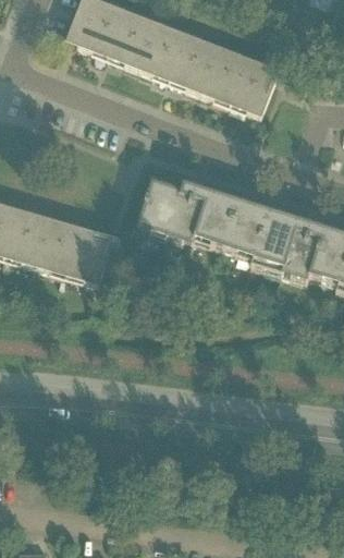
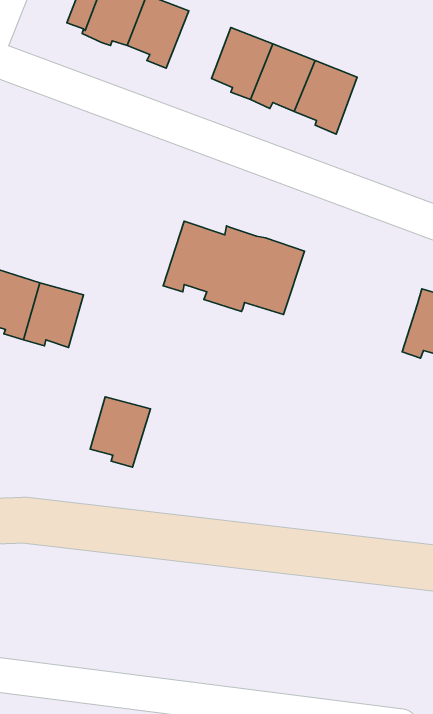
building: [138,25,185,74] -> none
building: [223,199,323,279] -> none
building: [67,231,111,282] -> [90,397,150,467]

